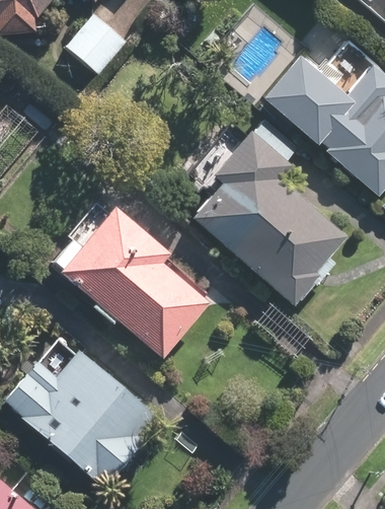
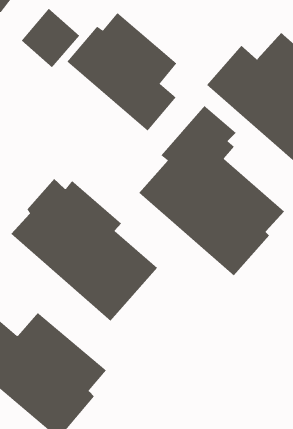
building: none -> [66,12,177,132]

